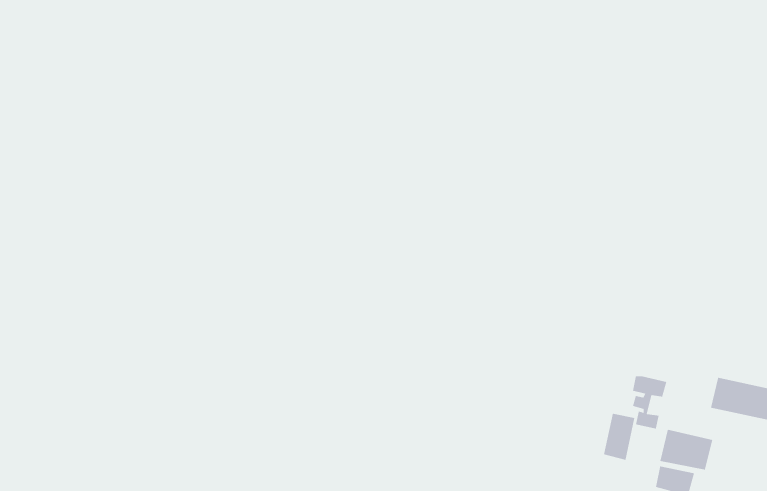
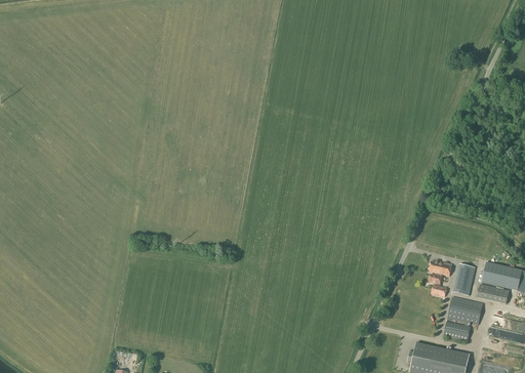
building: none -> [478,282,510,302]
building: [603,413,635,461] -> [454,262,476,294]

